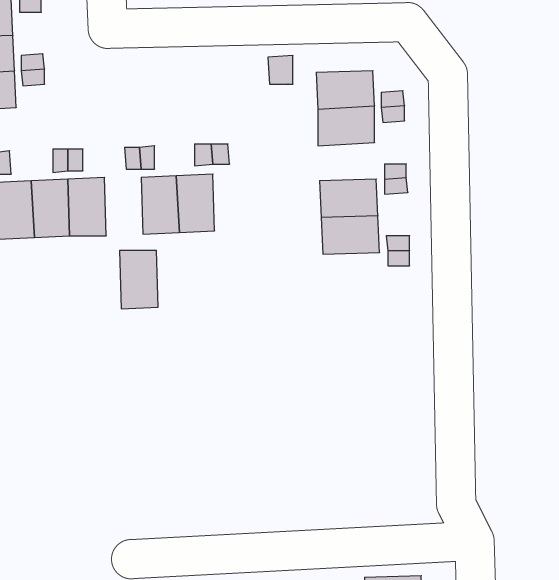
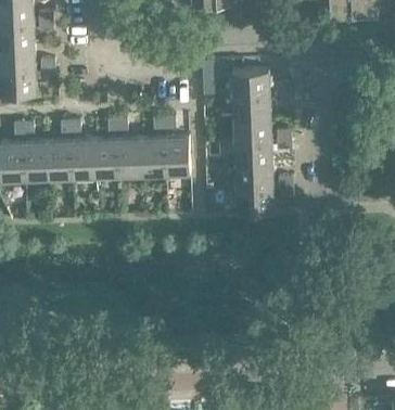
building: none -> [233,116,271,141]
building: none -> [165,136,190,174]
building: [120,250,158,309] -> [94,139,119,177]
building: none -> [237,188,275,213]

